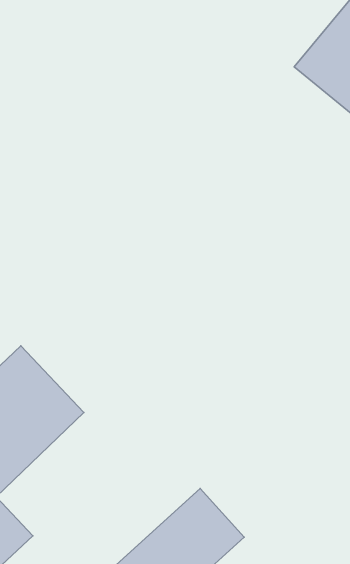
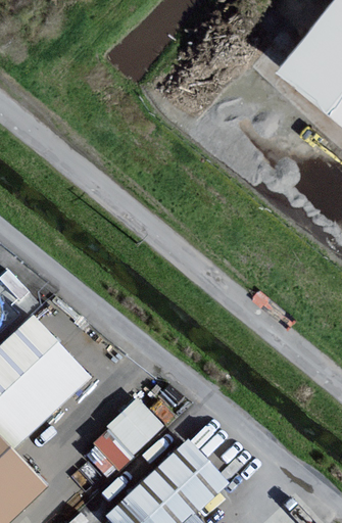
building: none -> [83,394,164,473]

